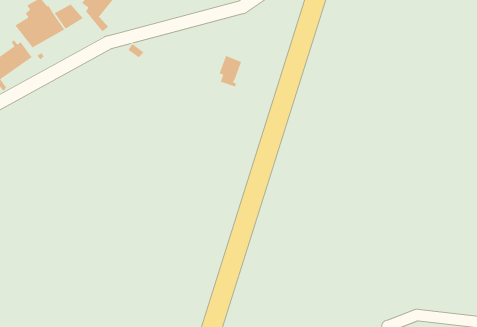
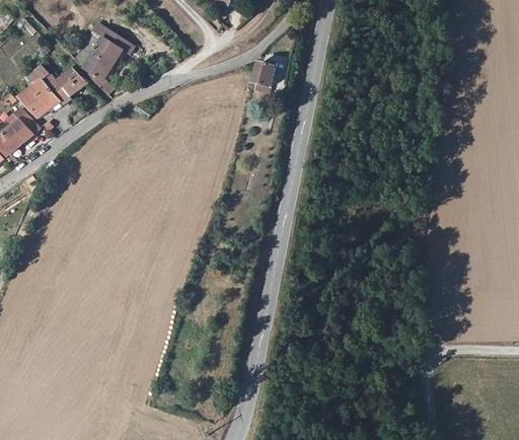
building: [219,55,242,87] -> [251,62,274,93]

